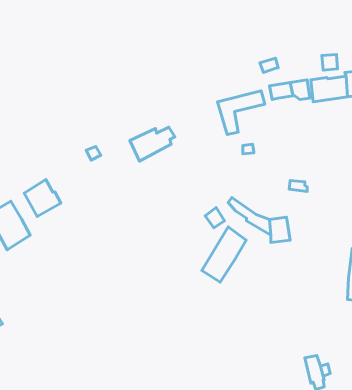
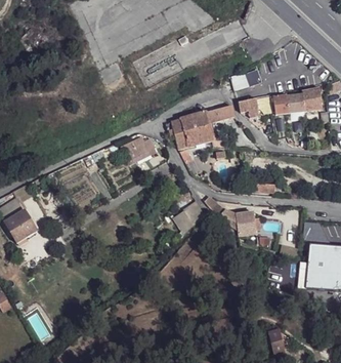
building: none -> [165,116,203,150]
building: [24,180,61,217] -> none
building: [202,227,246,282] -> none

